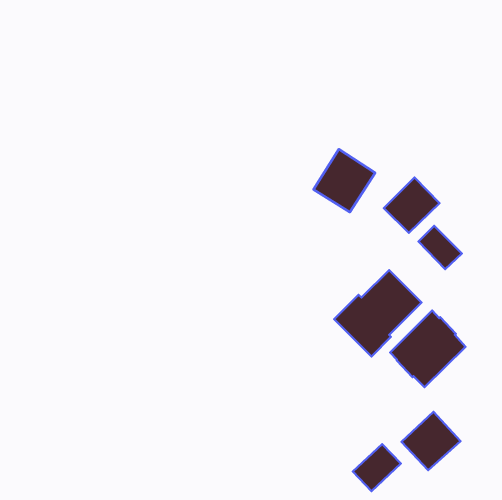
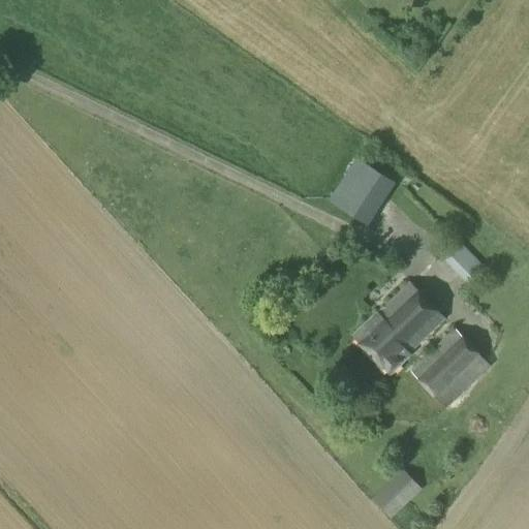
building: [384,177,440,233] -> none
building: [401,412,460,470] -> none

